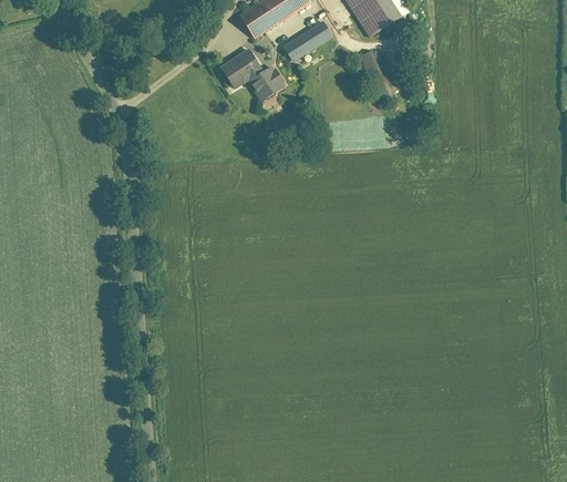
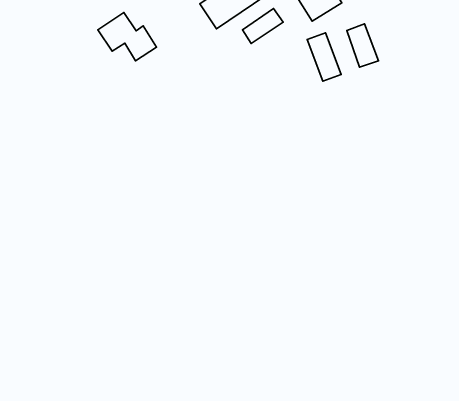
building: none -> [347,24,378,67]
building: [219,45,287,101] -> [98,12,157,61]

